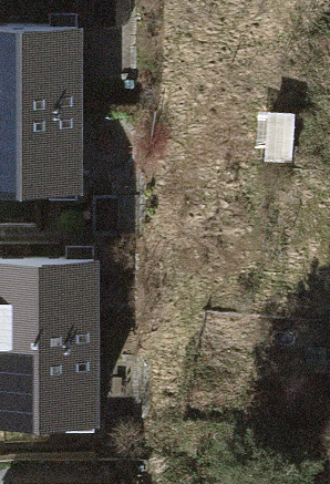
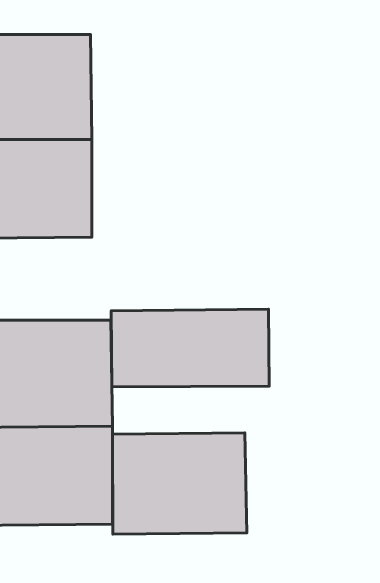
building: none -> [111,309,269,387]
building: none -> [112,433,247,534]

